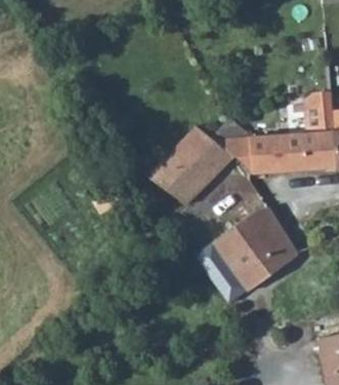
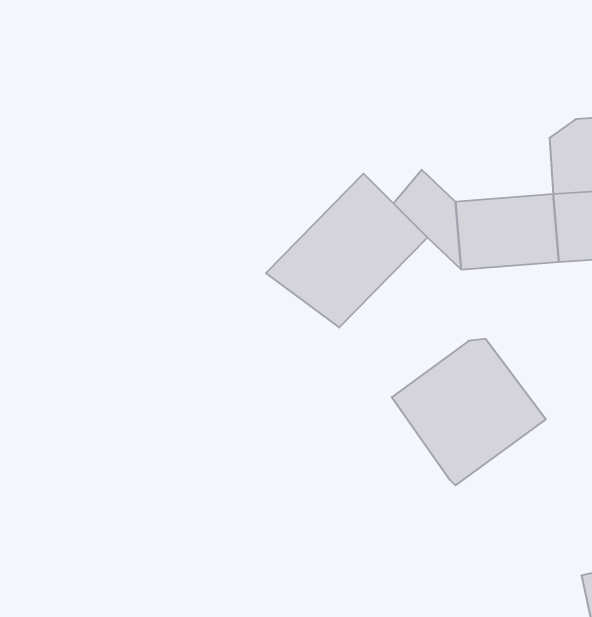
building: [196,243,247,302] -> none

